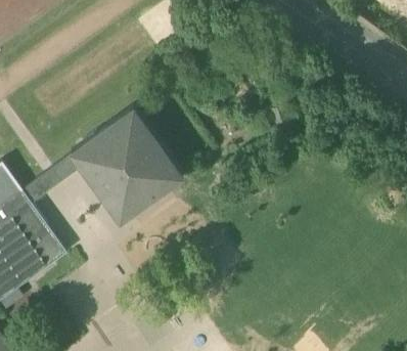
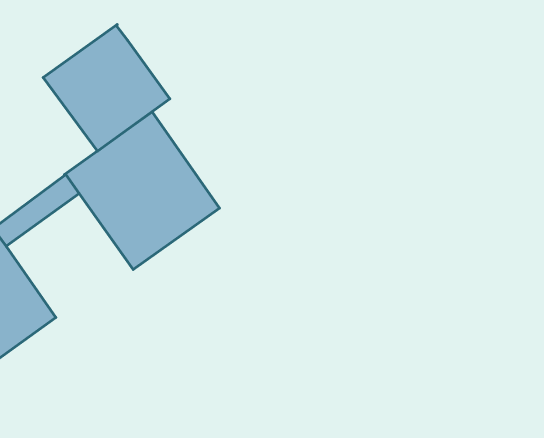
building: none -> [43,25,170,151]

